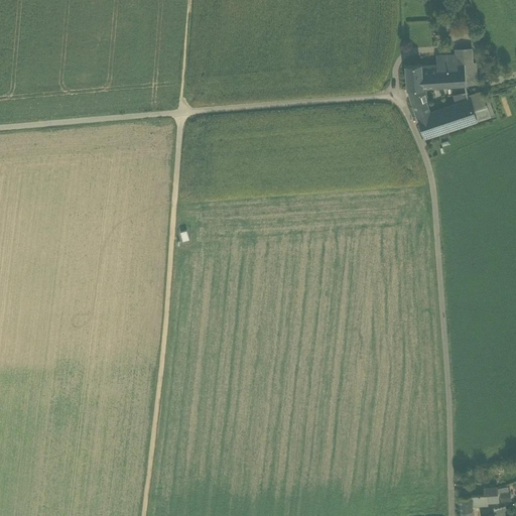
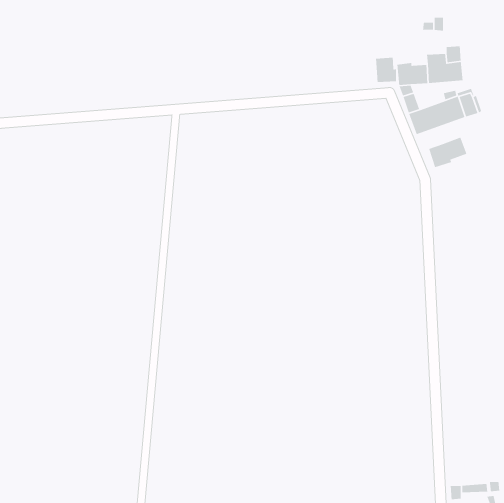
building: none -> [375,57,397,83]
building: none -> [428,137,468,168]

